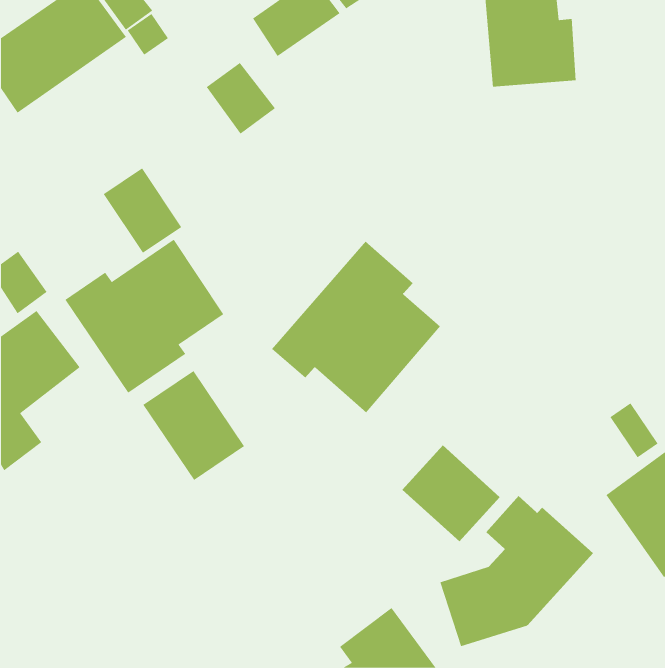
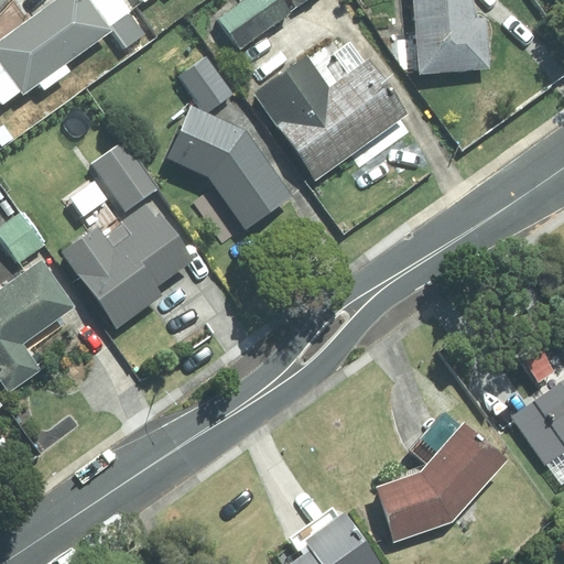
building: none -> [252,55,409,182]
building: none -> [164,106,294,231]
building: [271,241,441,413] -> none
building: [143,370,245,481] -> none
building: [402,445,500,542] -> none

